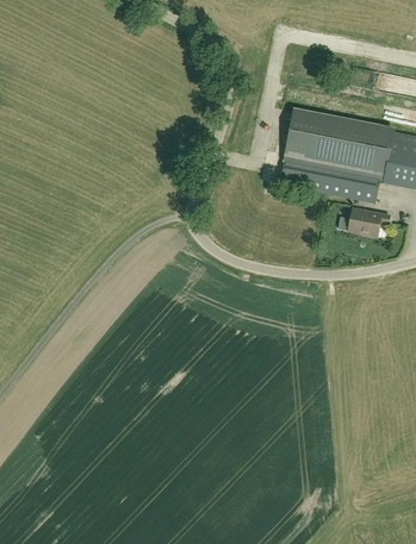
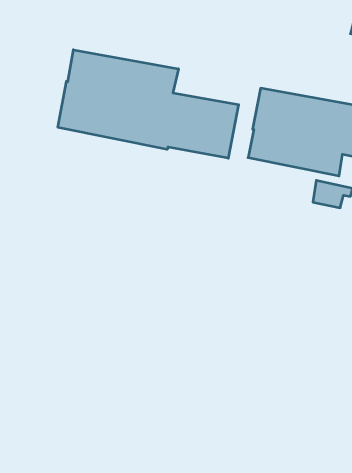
building: none -> [58,50,239,158]

